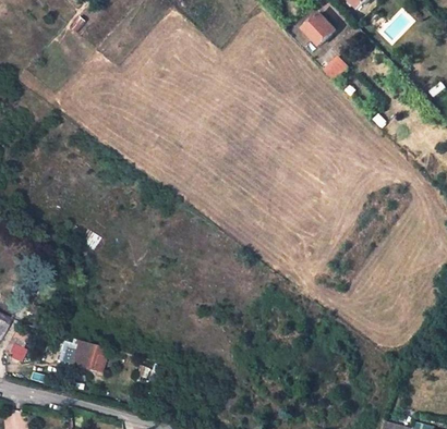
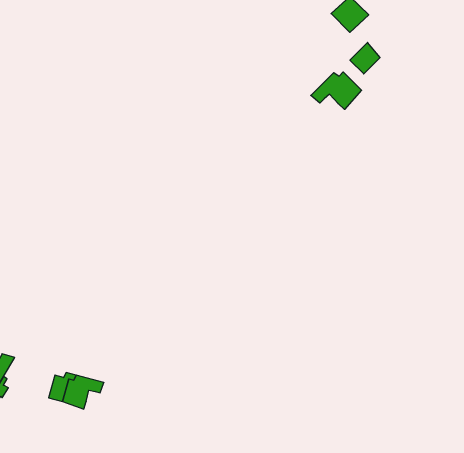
building: none -> [311,72,362,109]

